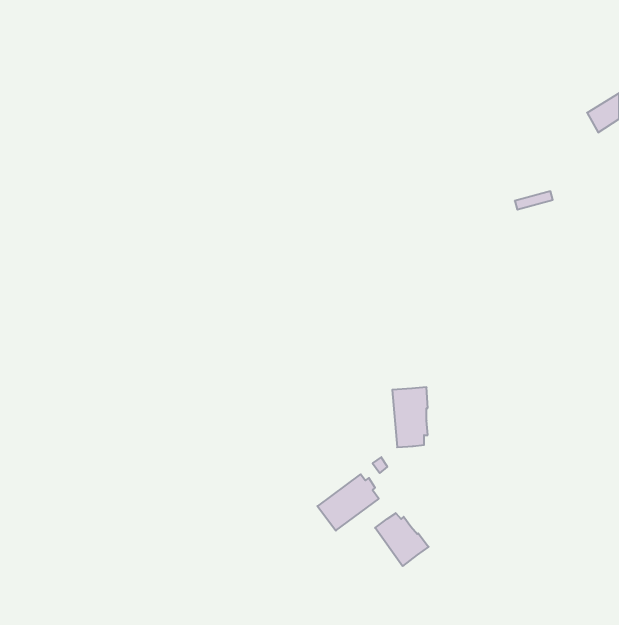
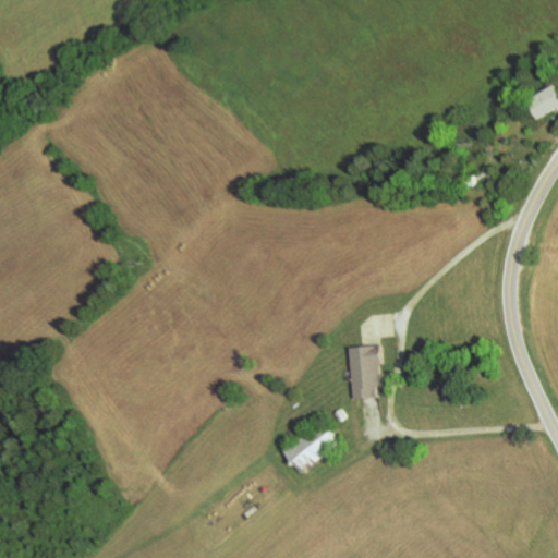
building: [375,513,429,566] -> none

